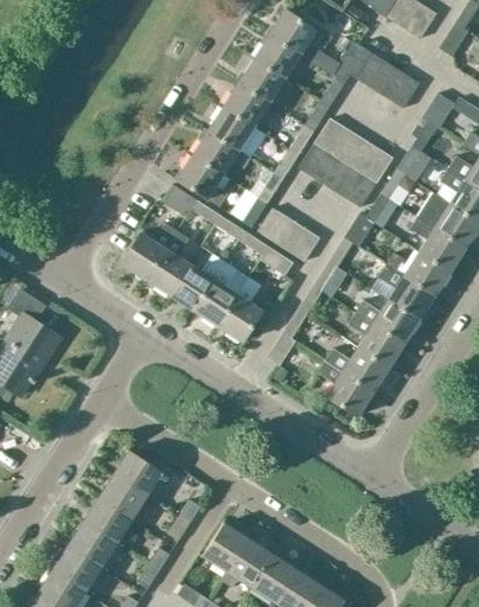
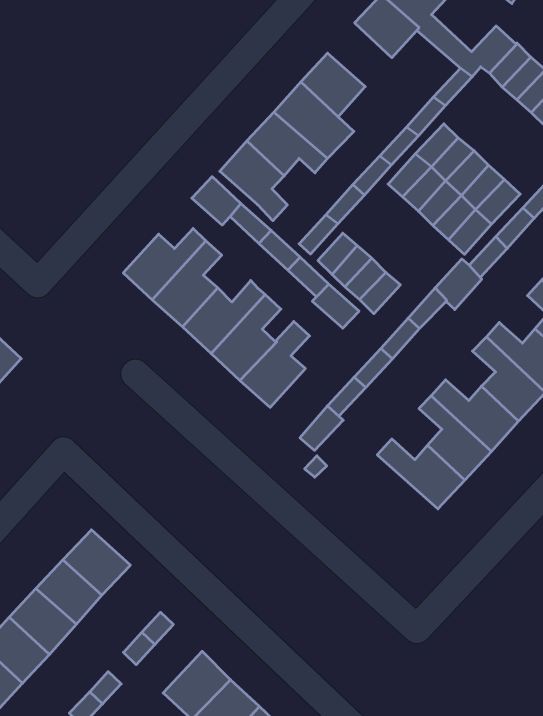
building: [239,57,286,101] -> none
building: [319,360,375,416] -> none

